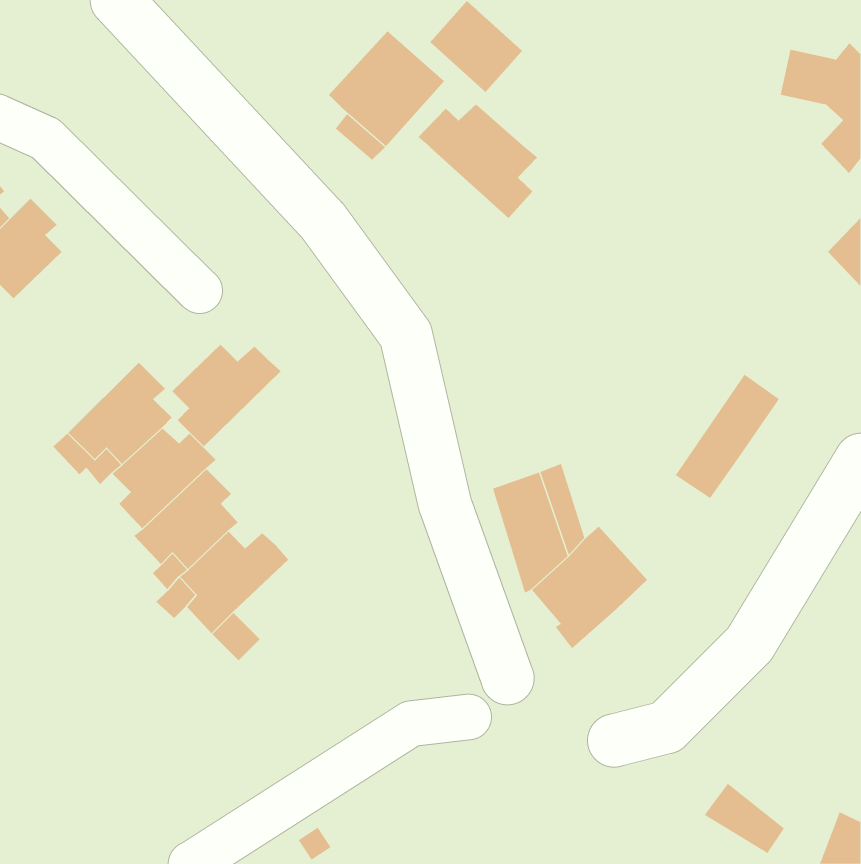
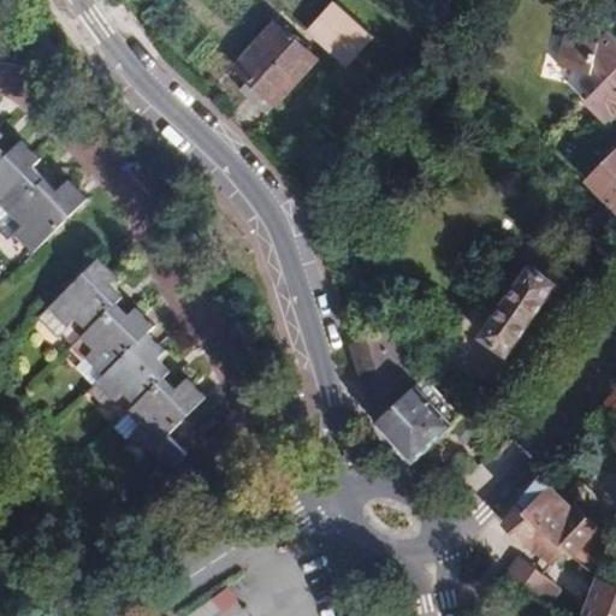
building: [417,103,538,219] -> none
building: [172,344,282,447] -> [10,179,88,253]
building: none -> [502,476,598,564]

